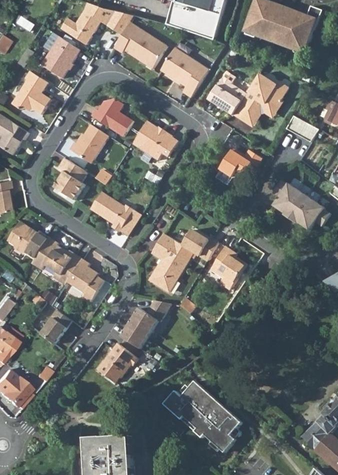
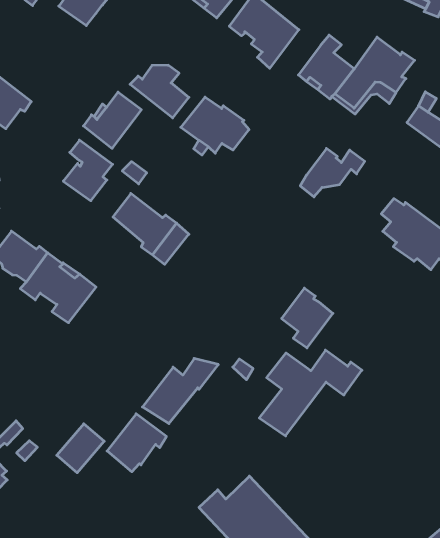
building: [12,71,50,114] -> none
building: [150,230,218,291] -> [259,350,362,436]
building: [64,257,106,305] -> none
building: [39,309,71,343] -> [57,424,104,473]

